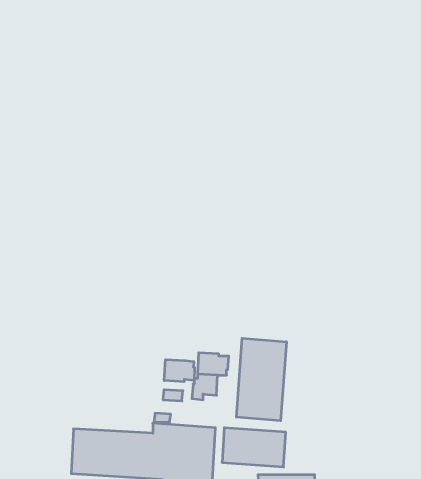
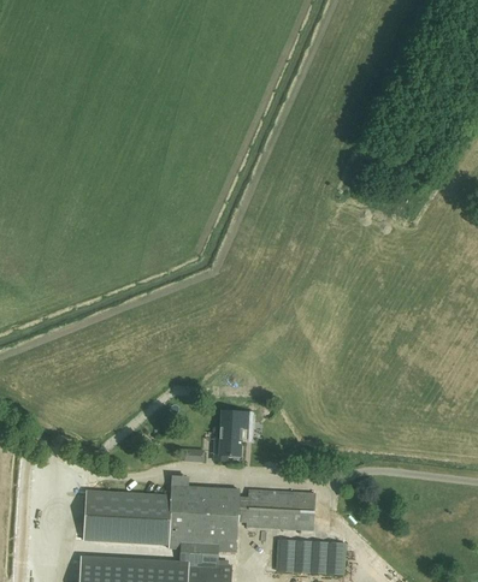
building: [236,338,286,421] -> none
building: [164,360,194,382] -> none

